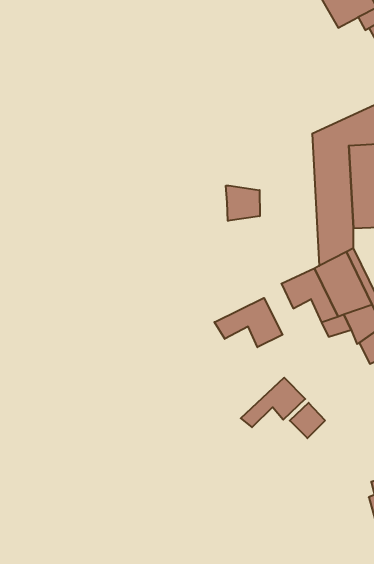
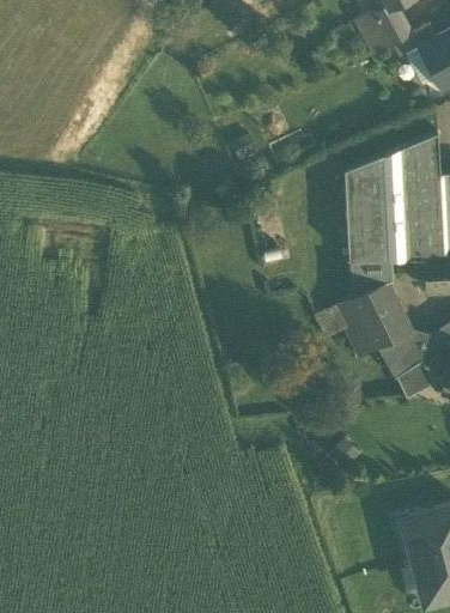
building: [226,186,260,221] -> none
building: [214,298,283,347] -> none
building: [241,378,305,427] -> none

